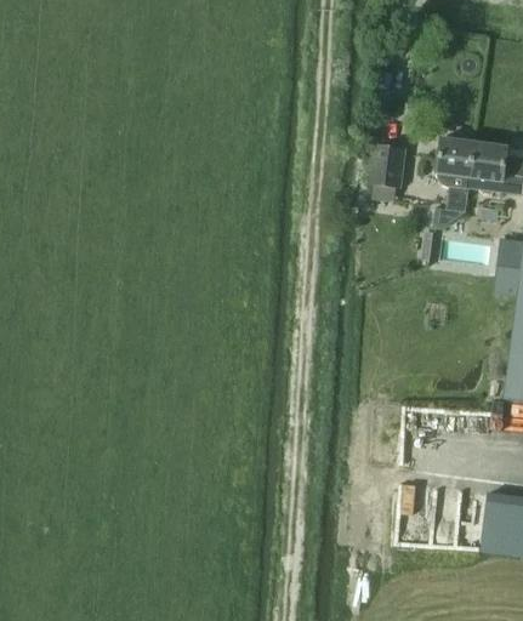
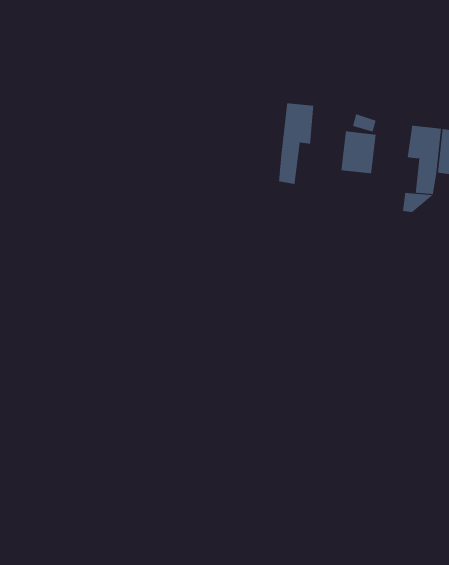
building: none -> [279,102,314,185]

